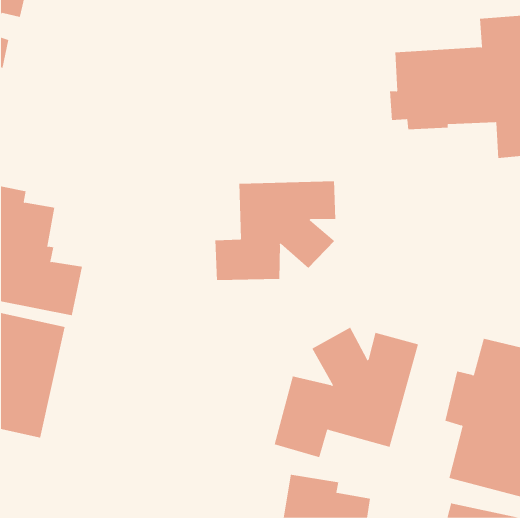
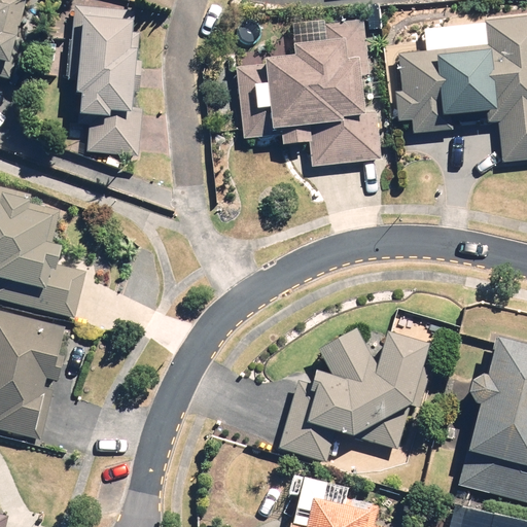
building: none -> [70,6,142,155]
building: none -> [241,16,380,164]
building: [215,180,336,281] -> none

